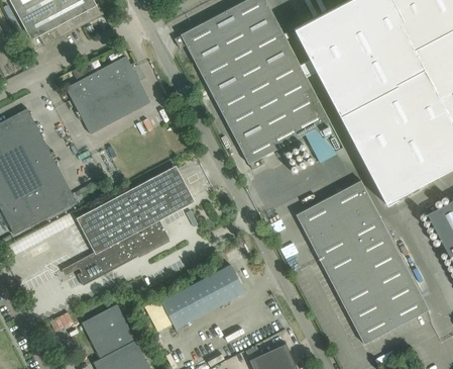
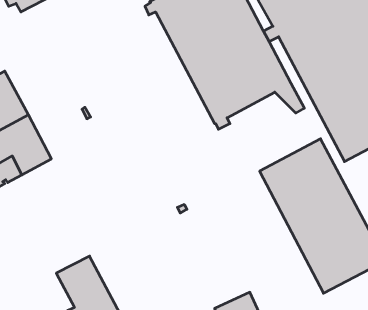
building: [66,56,150,134] -> none
building: [77,169,191,285] -> none
building: [159,265,244,330] -> none

